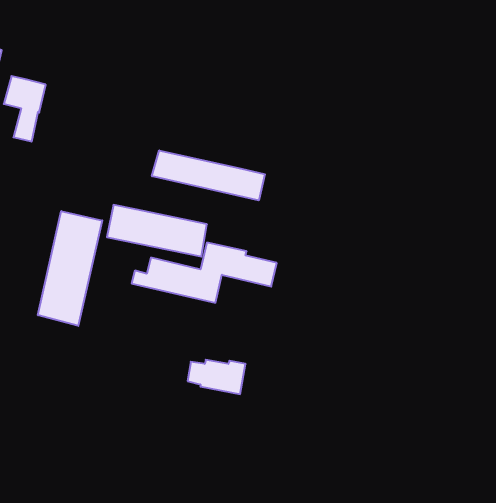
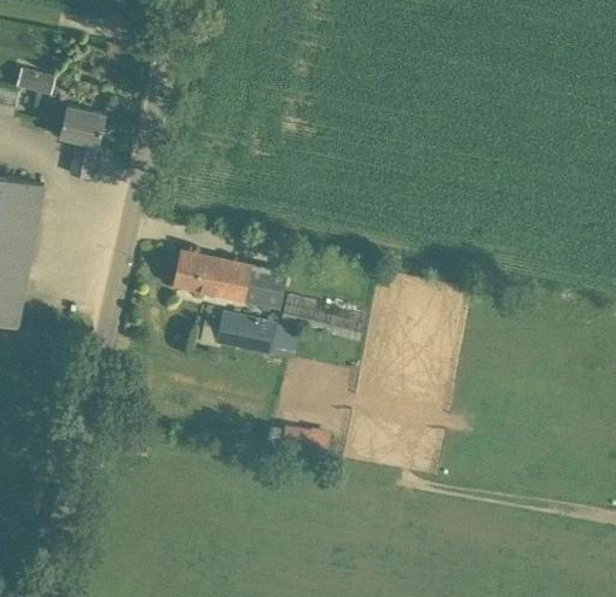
building: [152,150,265,200] -> none
building: [38,211,102,326] -> none

